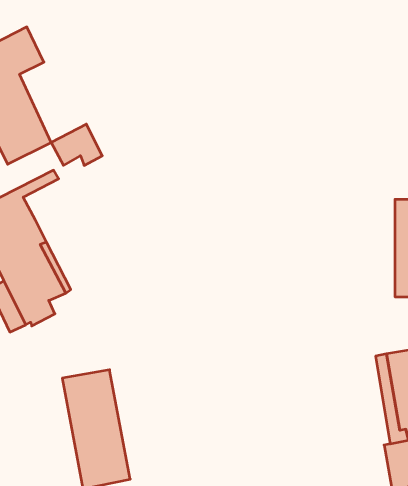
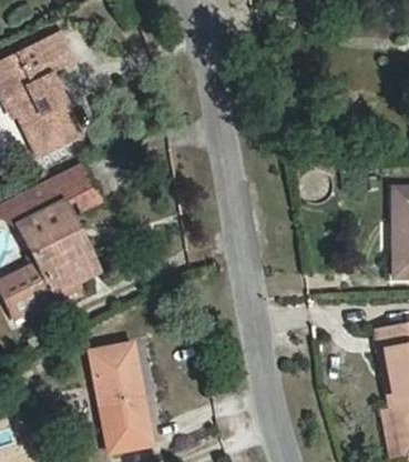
building: [51,124,102,165] -> [55,169,102,207]

